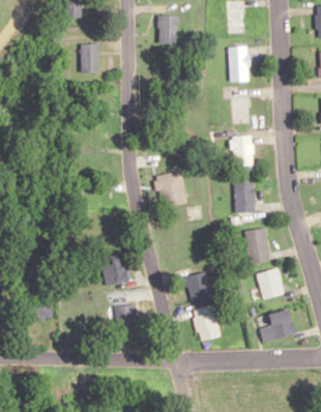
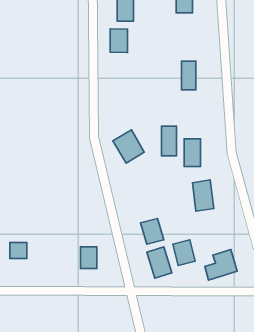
building: [81,43,98,72] -> none
building: [229,47,247,81] -> none
building: none -> [110,29,128,52]
building: [234,136,252,170] -> [161,126,177,156]
building: [100,253,130,286] -> none
building: [257,269,283,299] -> [173,240,195,266]

